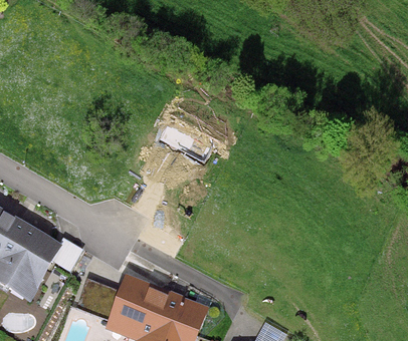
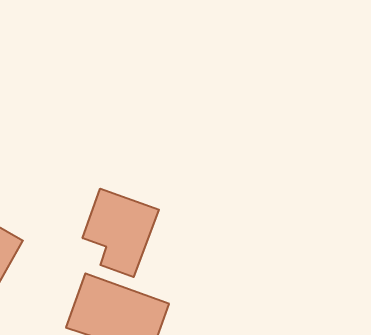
building: none -> [83,189,159,277]

